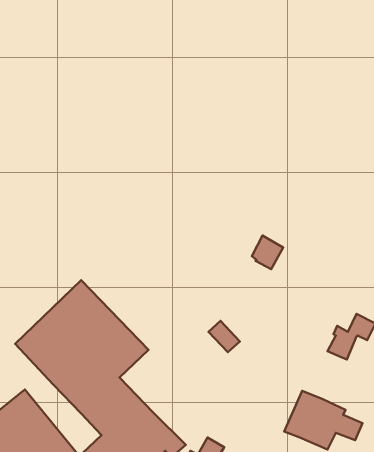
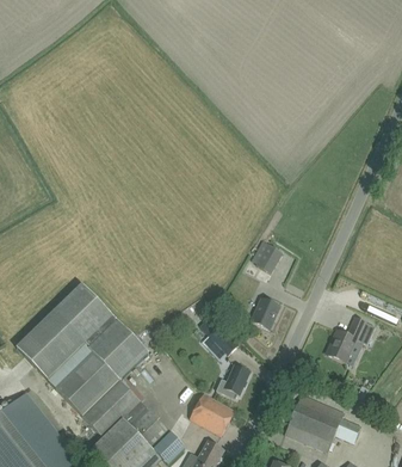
building: none -> [251,297,280,328]
building: none -> [216,364,249,398]
building: none -> [190,393,235,435]

